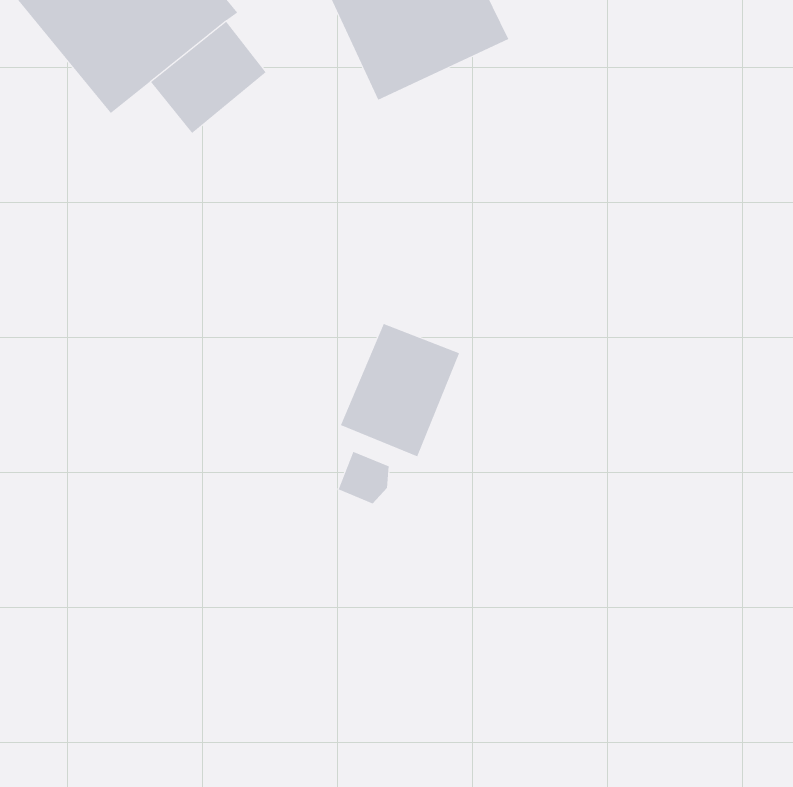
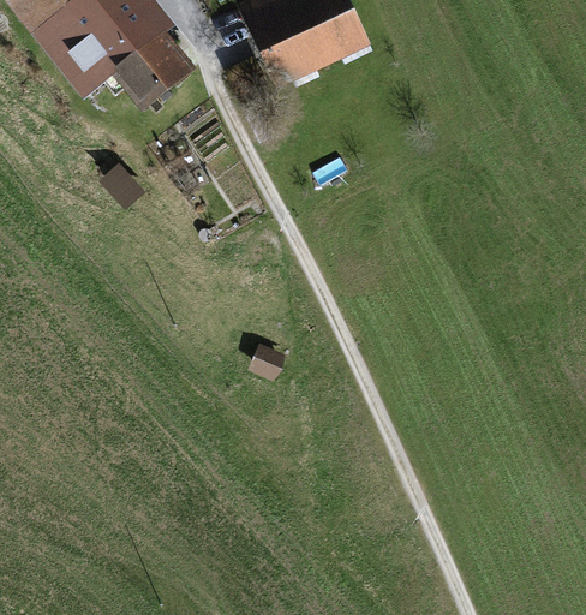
building: none -> [97,160,145,208]
building: [340,323,460,457] -> none

